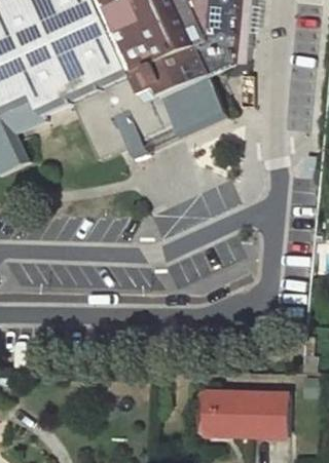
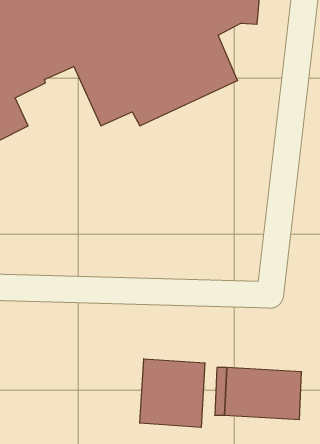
building: none -> [140,359,205,427]

